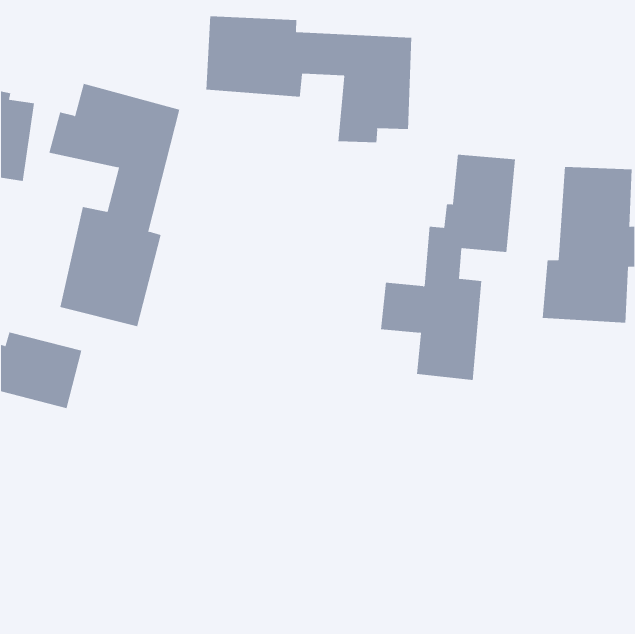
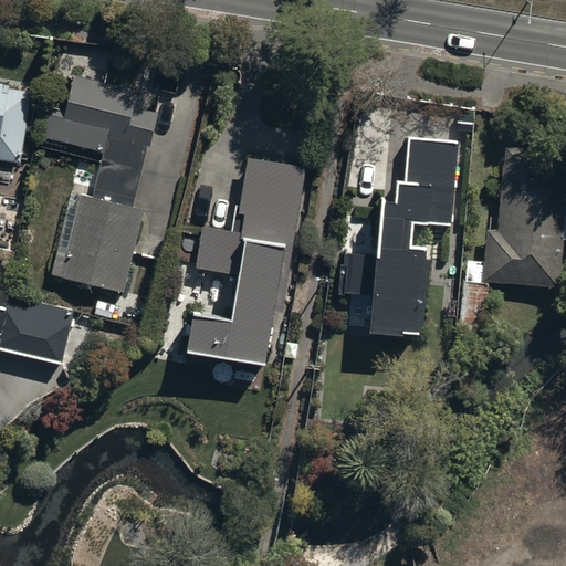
building: [206,15,412,143] -> none
building: none -> [187,158,304,363]

